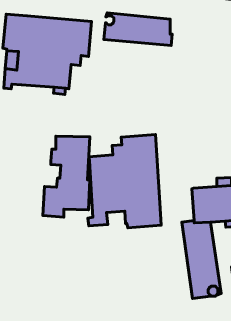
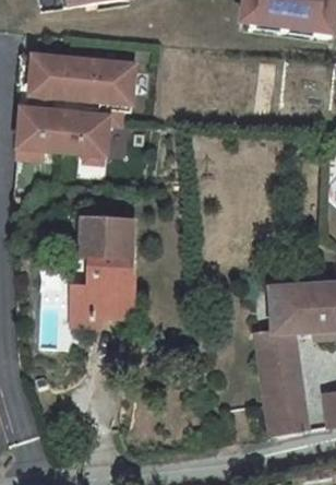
building: [104,13,172,46] -> none
building: [88,135,161,228] -> none

